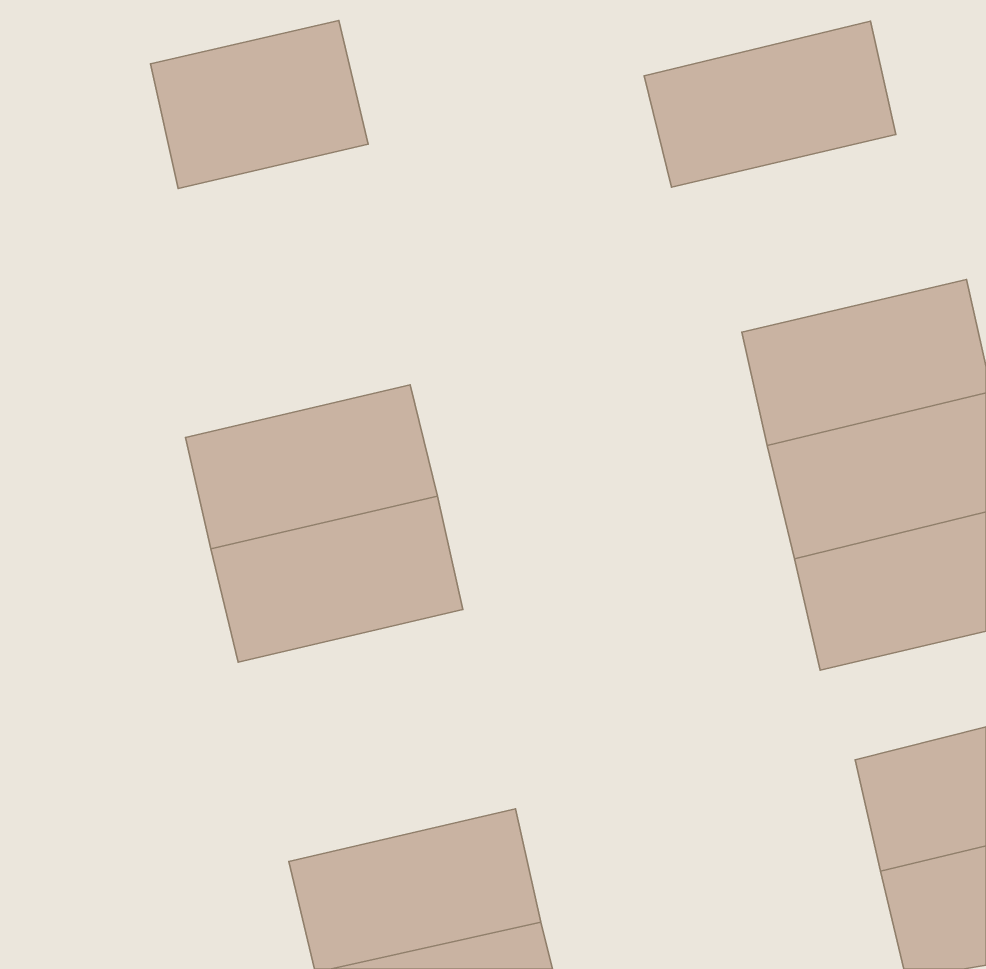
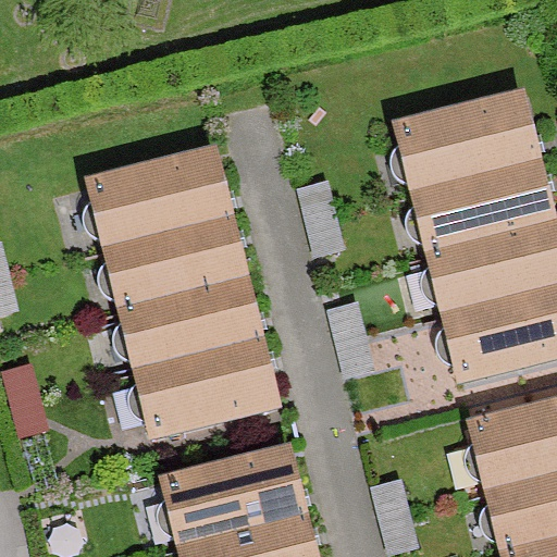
building: [150,21,368,188] -> none
building: [644,21,896,187] -> [398,92,539,185]
building: none -> [88,151,228,244]
building: none -> [133,339,273,432]

